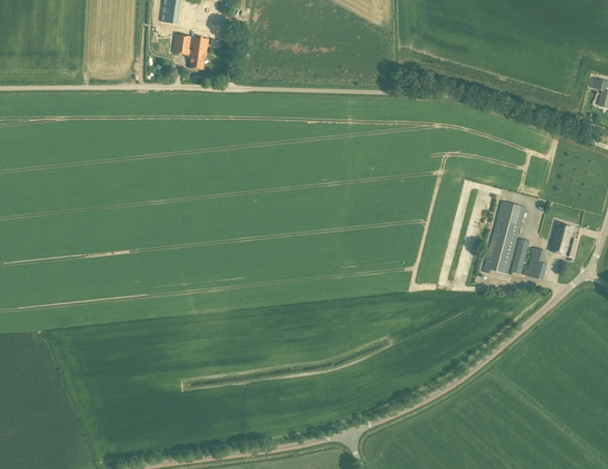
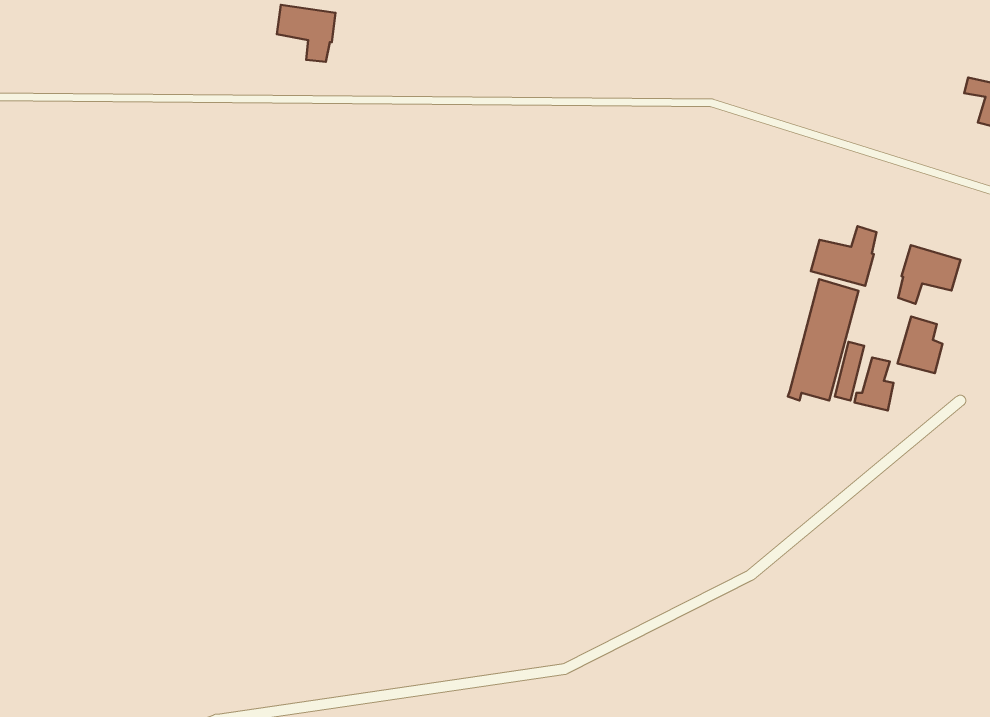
building: none -> [811,226,876,286]
building: none -> [898,245,961,304]

